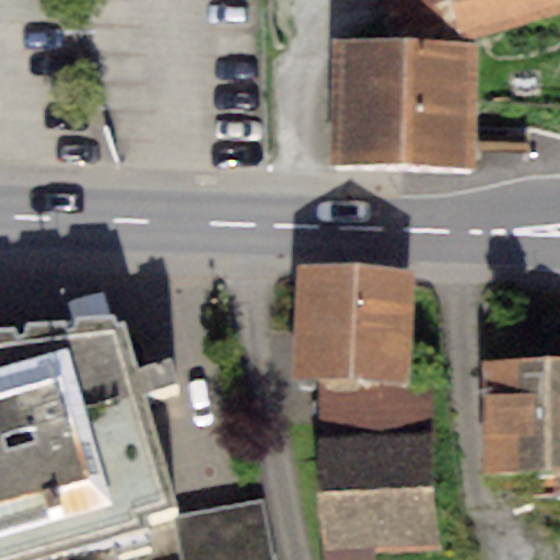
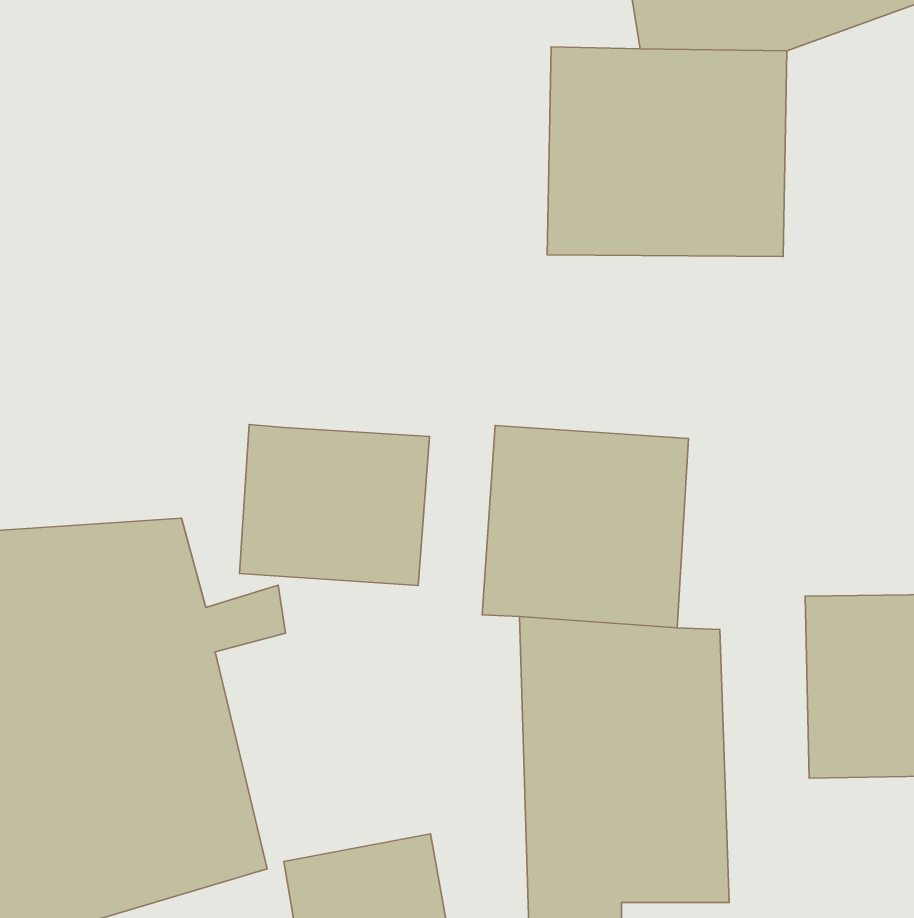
building: none -> [240,425,429,585]

